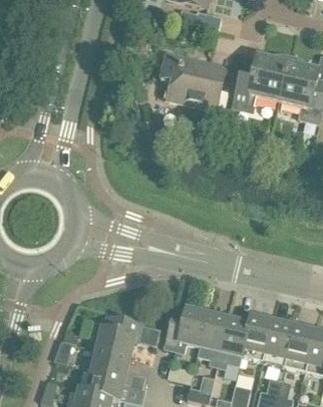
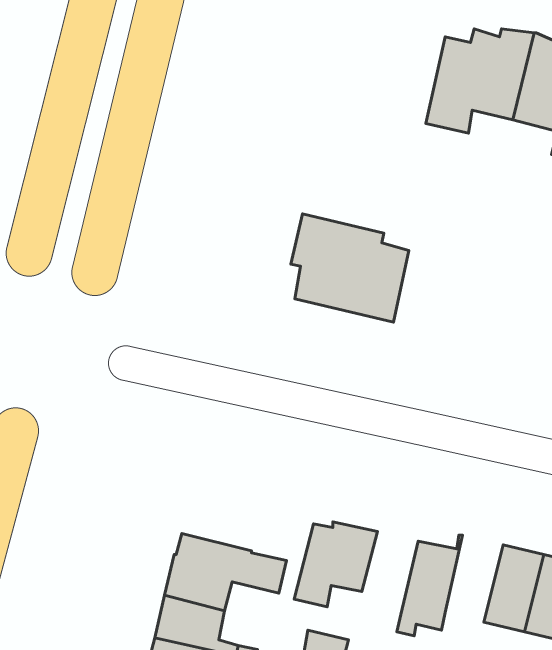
building: [162,53,223,109] -> [291,214,409,322]
building: [197,315,229,367] -> none
building: [243,317,273,362] -> none

